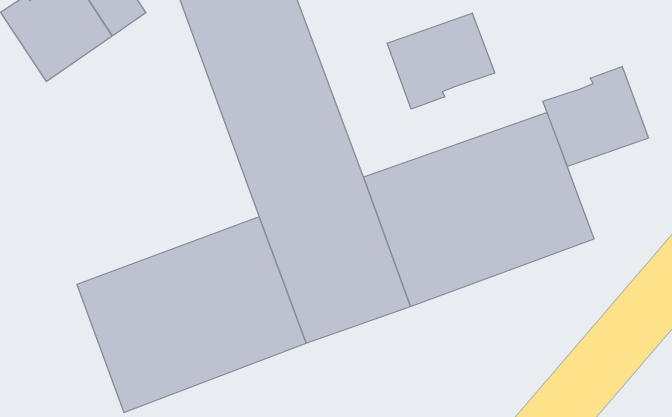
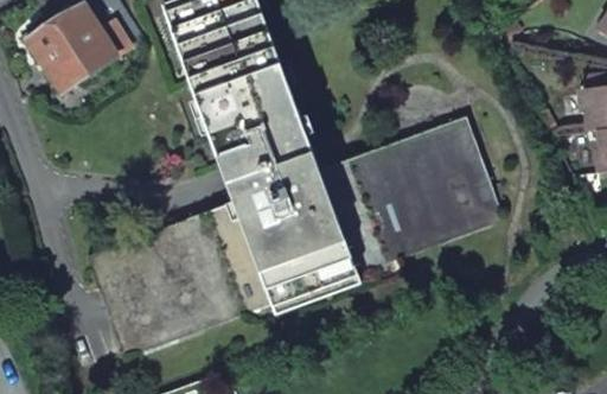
building: [387,13,495,109] -> none
building: [543,66,649,166] -> none

